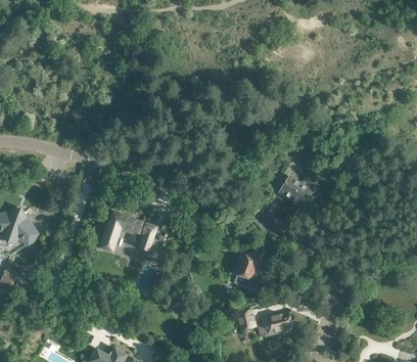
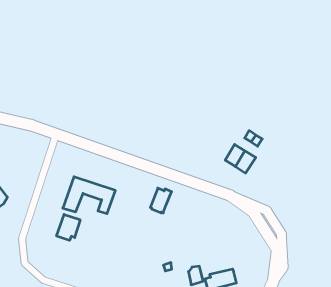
building: [236,252,260,279] -> [150,188,172,213]
building: none -> [57,214,80,240]

